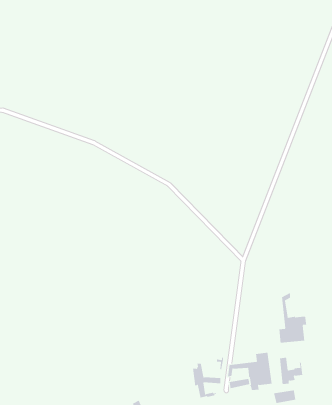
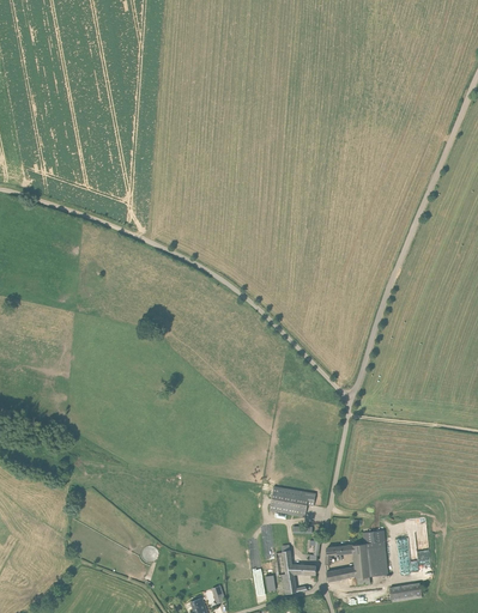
building: [279,292,307,344] -> none
building: none -> [270,485,315,516]

